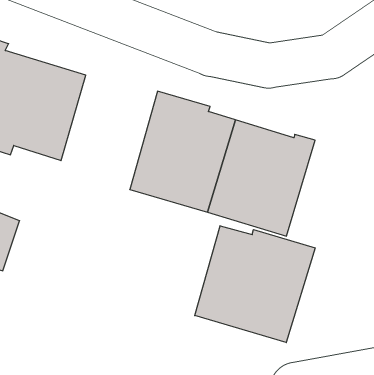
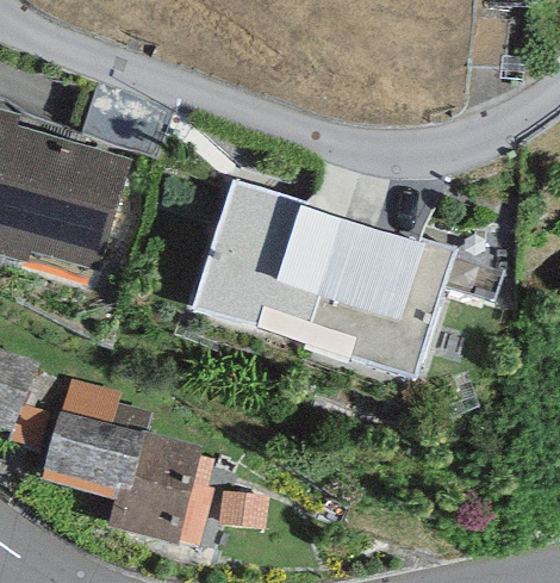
building: [195,226,315,343] -> none
building: none -> [41,374,213,548]

